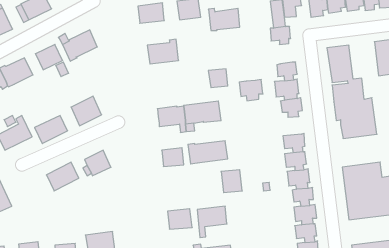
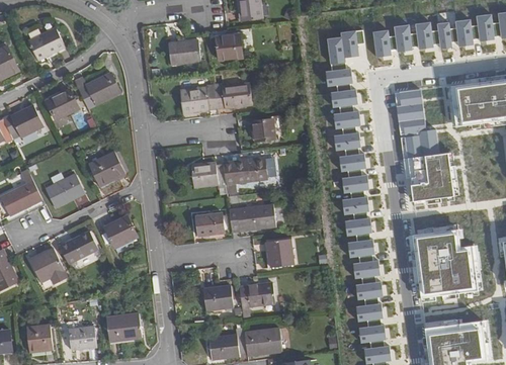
building: [208,8,240,30] -> [214,82,251,108]
building: [239,80,263,101] -> [329,87,357,112]
building: none -> [341,174,367,197]
building: none -> [29,247,66,282]

